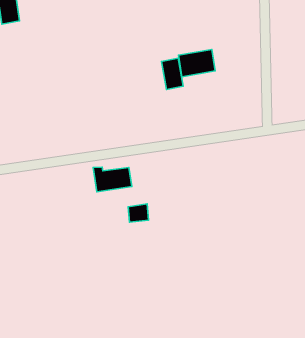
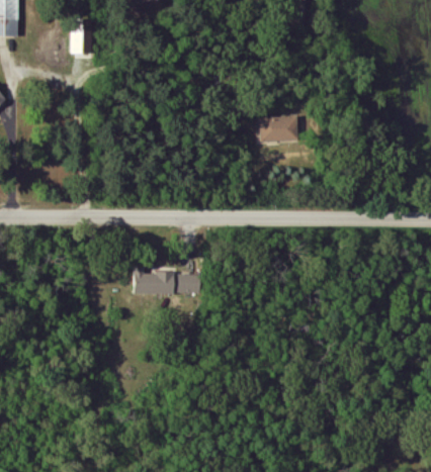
building: [162,58,183,90] -> none
building: [93,167,132,192] -> [134,266,173,293]

